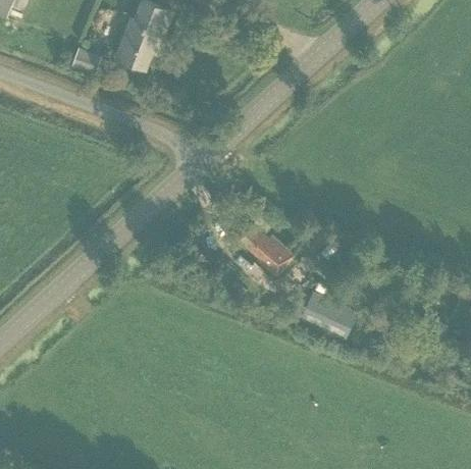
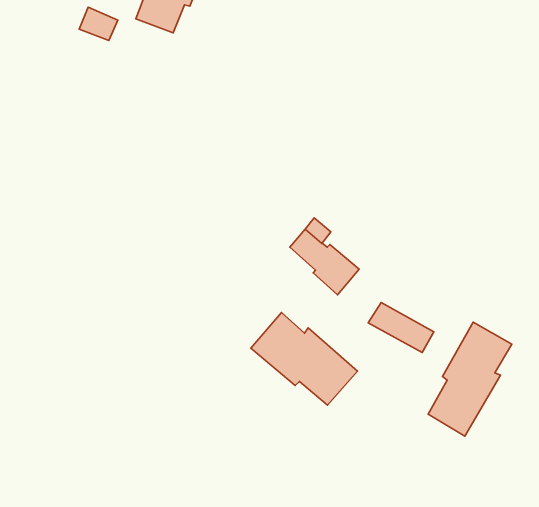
building: none -> [251,312,357,405]
building: none -> [428,322,512,436]

